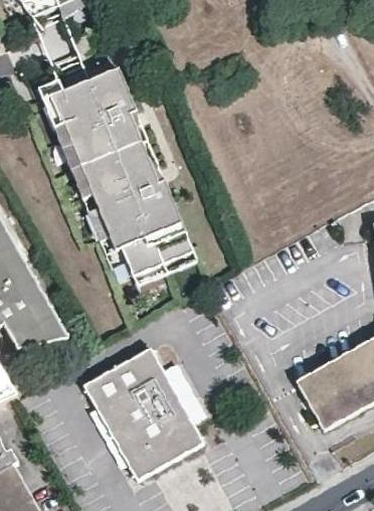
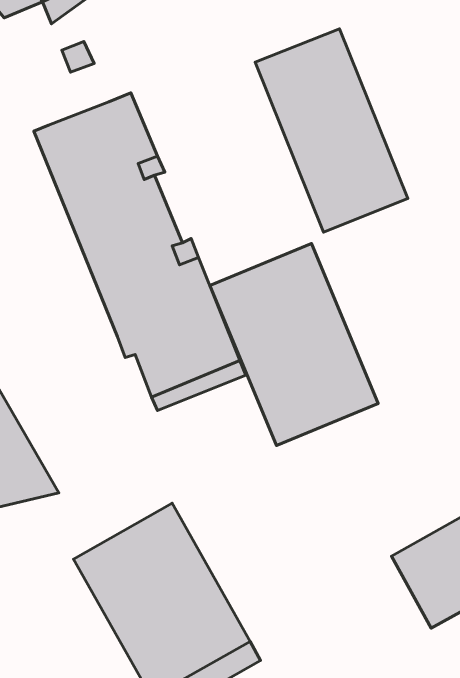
building: none -> [255,29,408,232]
building: [39,77,110,236] -> none
building: none -> [210,244,378,445]

